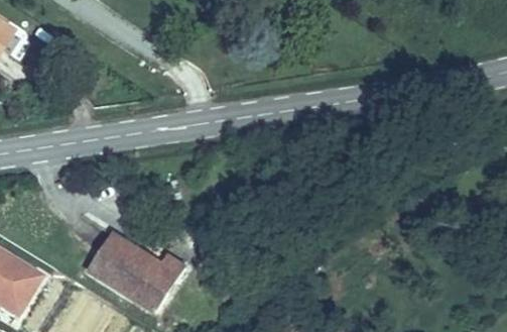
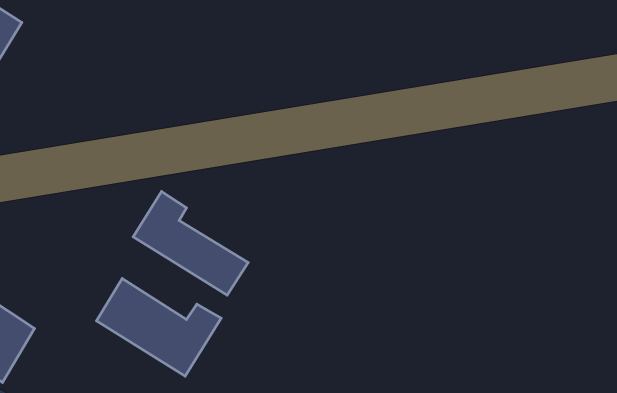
building: none -> [133,192,248,295]

